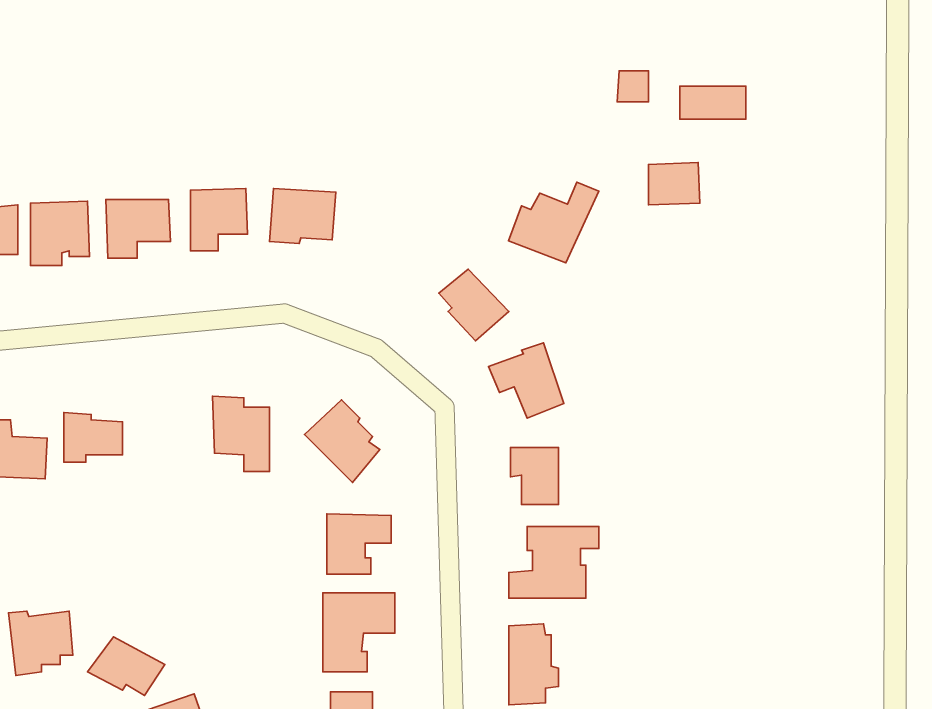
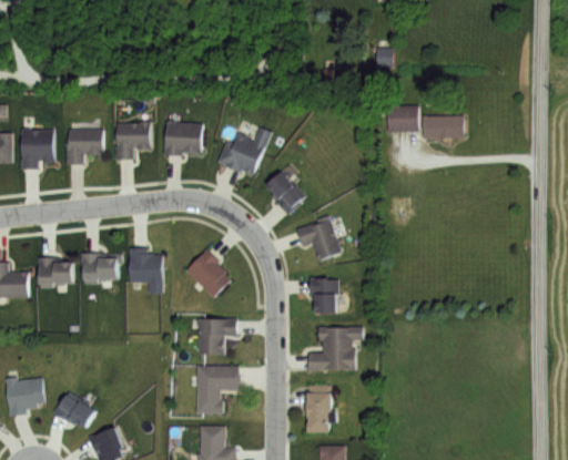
building: [680,86,746,119] -> [426,119,466,139]
building: [509,182,599,263] -> [219,126,273,175]
building: none -> [82,253,121,283]

